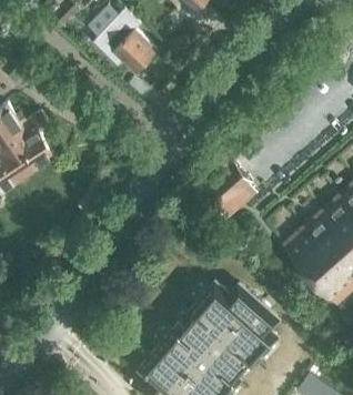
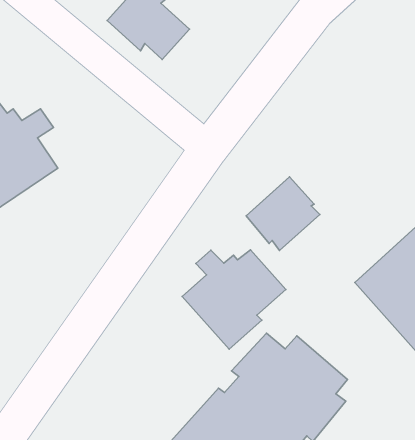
building: none -> [182,250,286,349]

